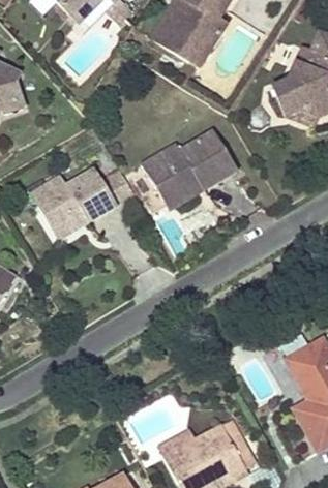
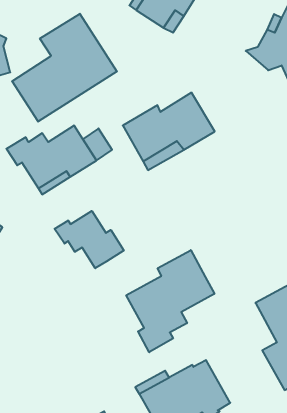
building: none -> [12,14,117,122]
building: none -> [55,211,124,268]
building: none -> [126,250,214,352]

